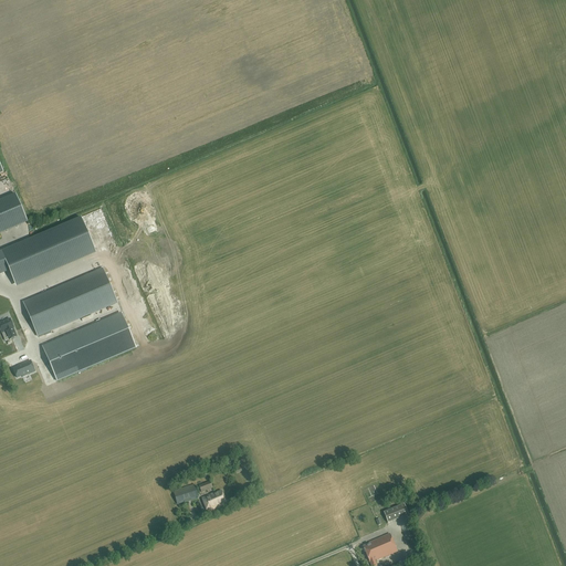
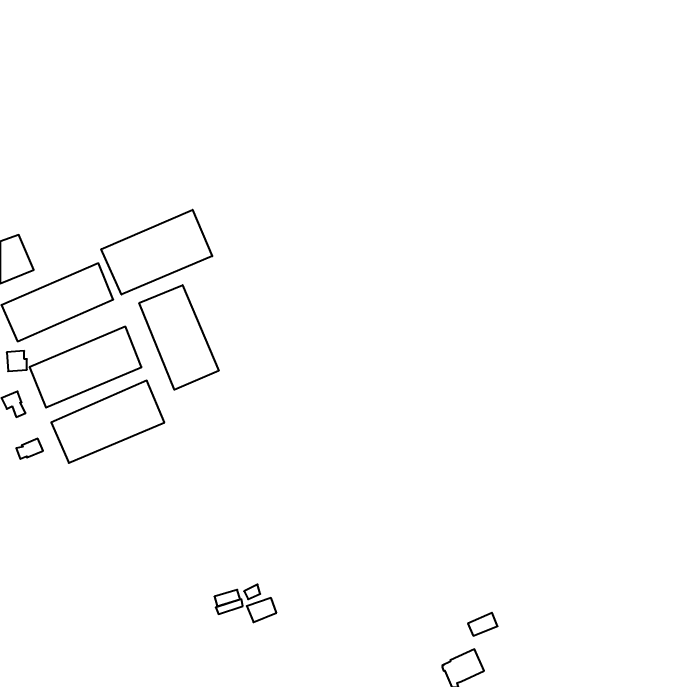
building: none -> [101,210,212,295]
building: none -> [139,285,219,390]

